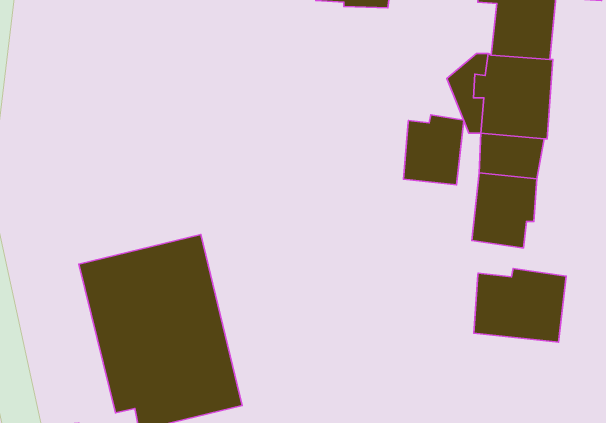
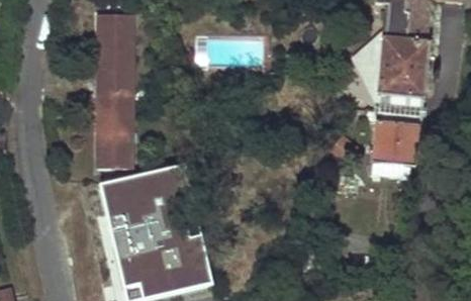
building: none -> [96,13,135,166]
building: [404,115,464,185] -> none
building: [474,268,566,342] -> none

